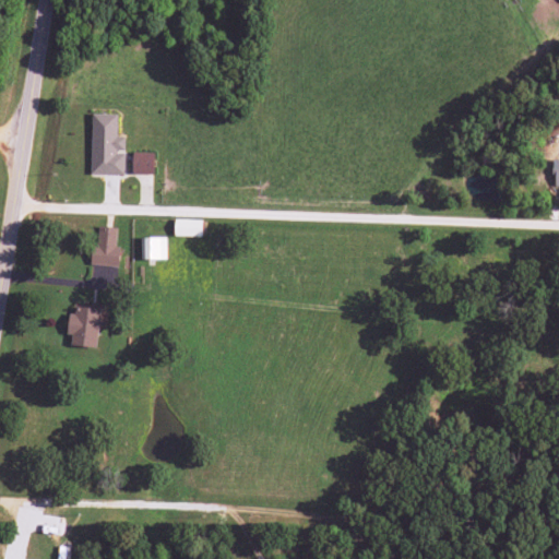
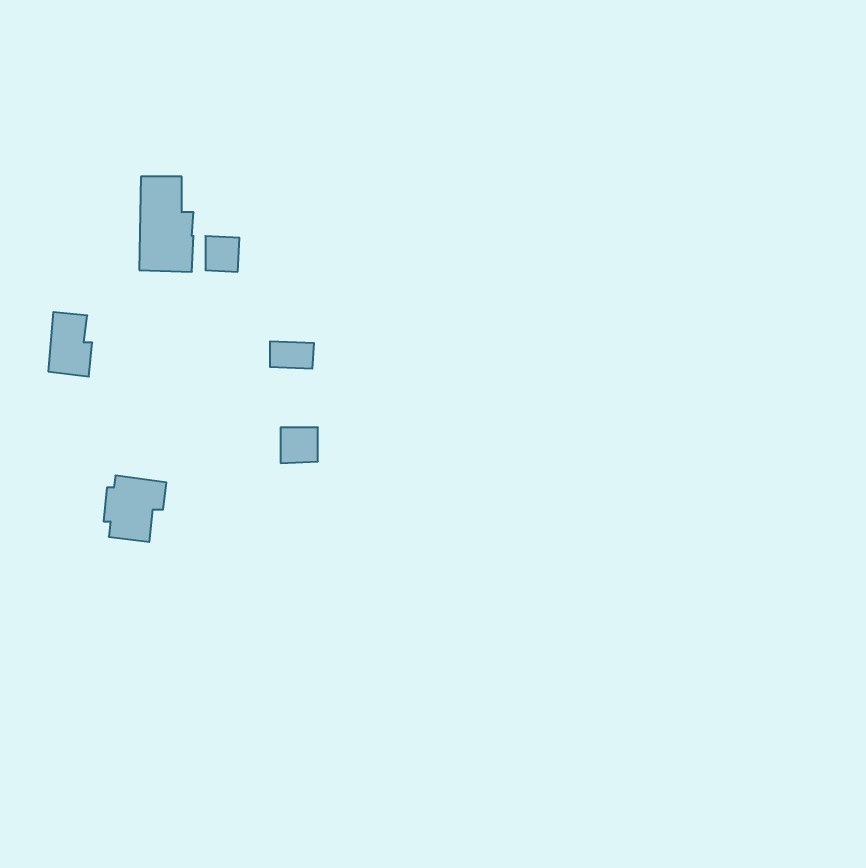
building: [93,226,121,267] -> [48,312,92,377]
building: [142,237,166,260] -> [281,427,318,463]

